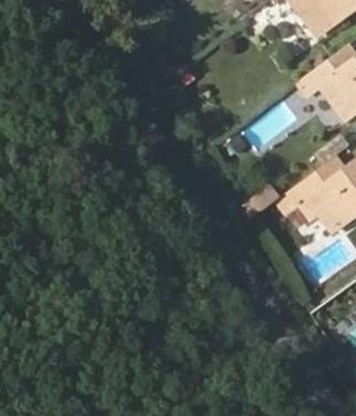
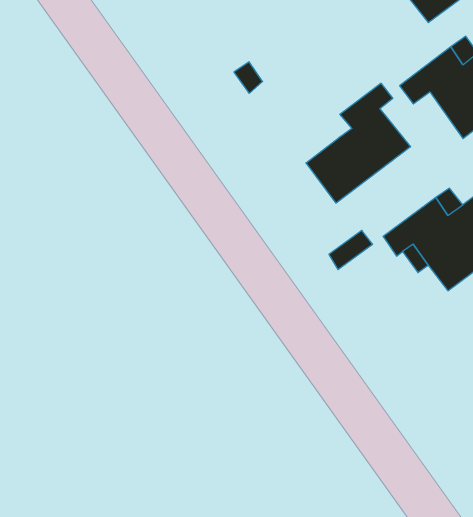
building: none -> [306,83,411,203]

